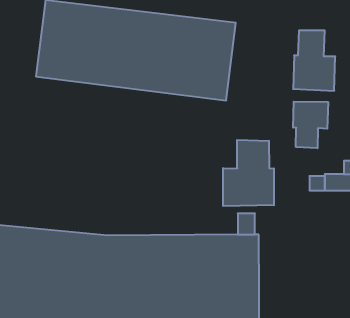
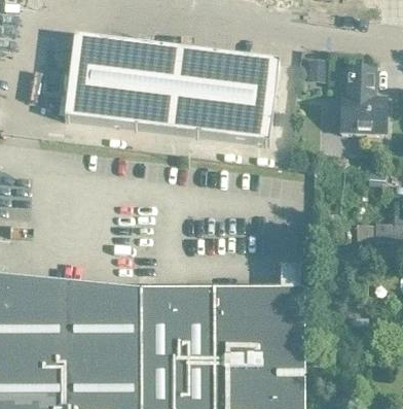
building: [293,102,328,148] -> none
building: [223,140,274,206] -> none

